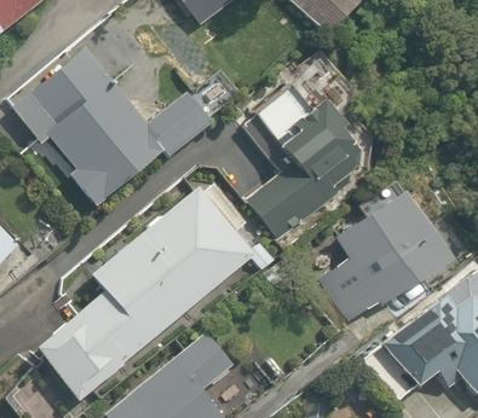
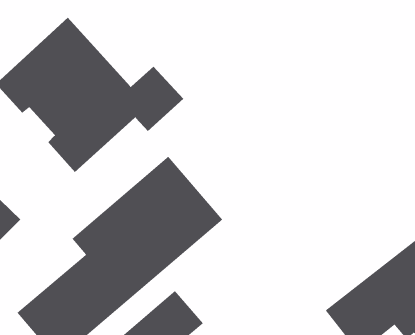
building: [240,85,374,239] -> none
building: [321,187,442,319] -> none

